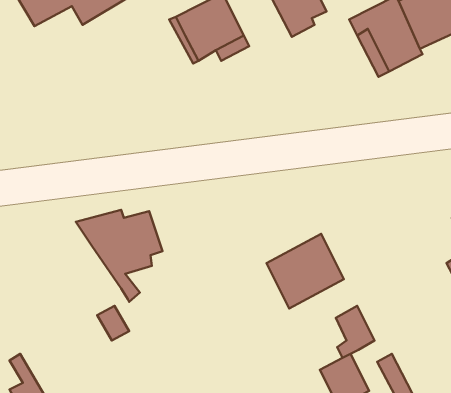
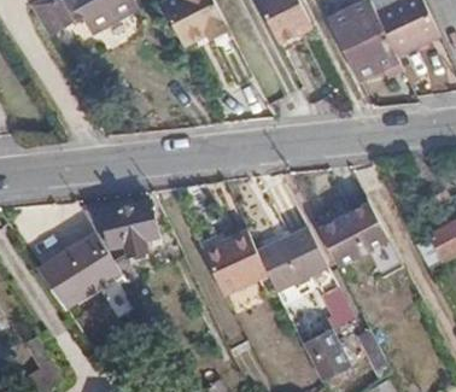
building: none -> [314,194,388,265]
building: none -> [201,228,269,296]
building: none -> [37,232,124,311]

